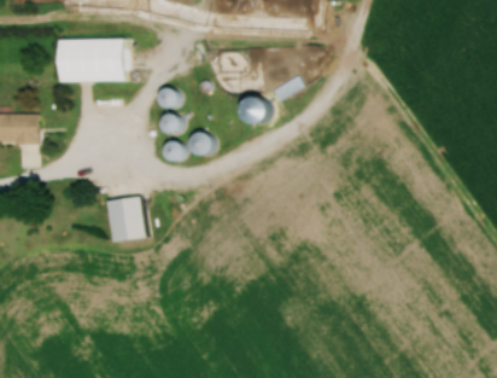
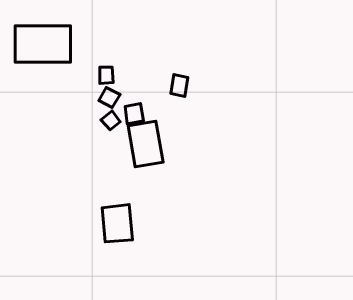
building: none -> [128,121,163,167]
building: [109,197,145,242] -> [102,205,132,242]

